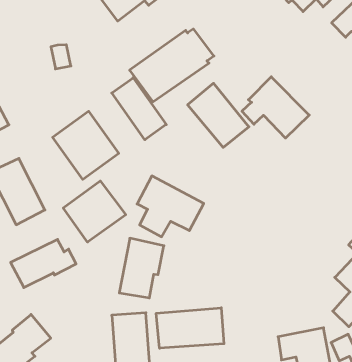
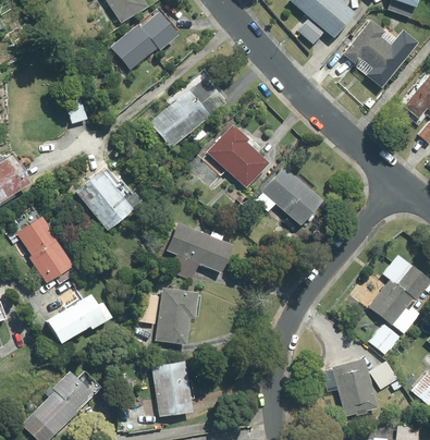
building: [242,77,309,138] -> [255,164,322,224]
building: [112,78,166,140] -> none
building: [63,181,126,242] -> none
building: [156,308,224,348] -> none

